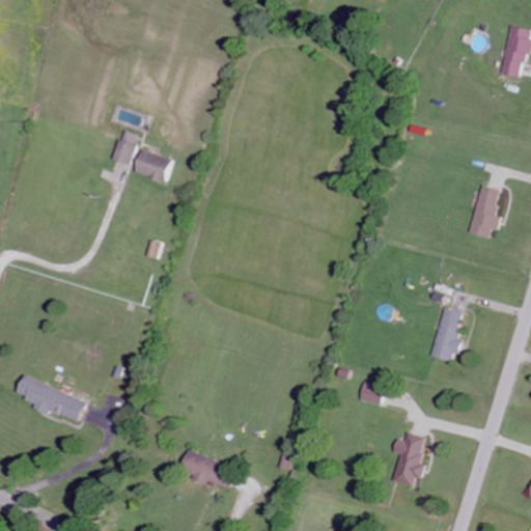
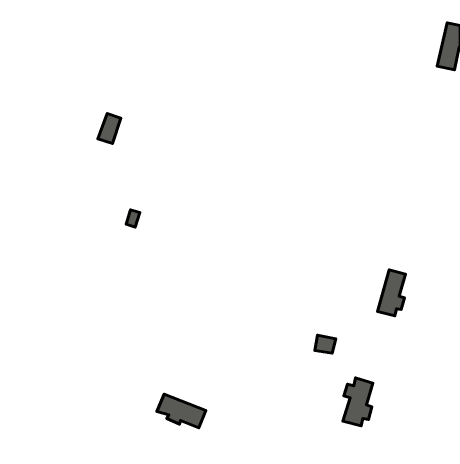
building: [134,149,171,183] -> none
building: [470,185,501,237] -> none
building: [16,376,85,421] -> none

